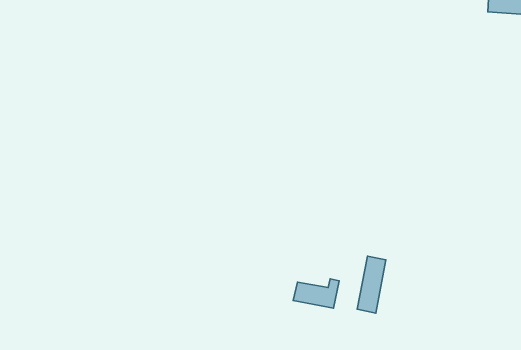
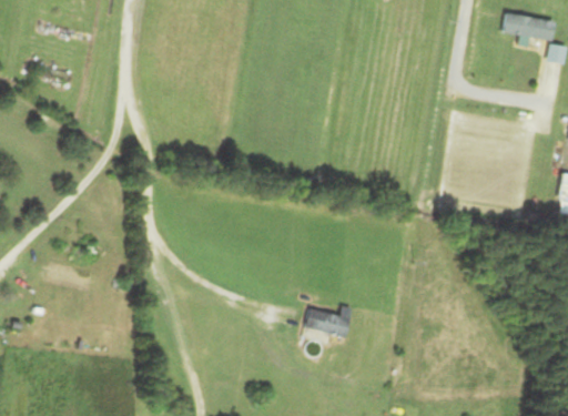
building: [357,256,386,313] -> none

